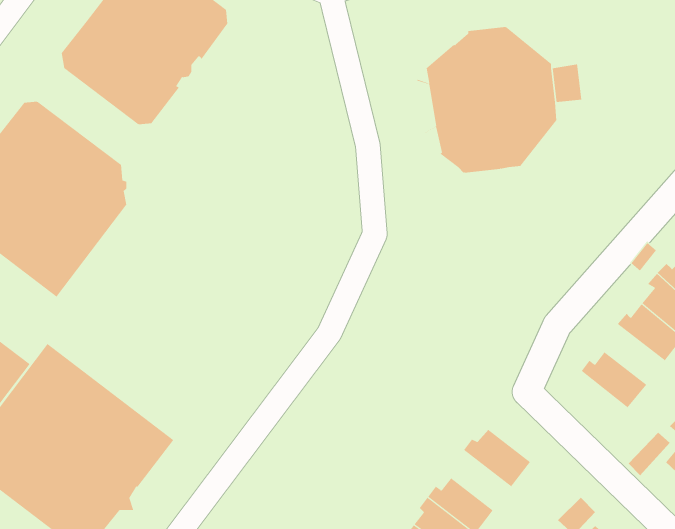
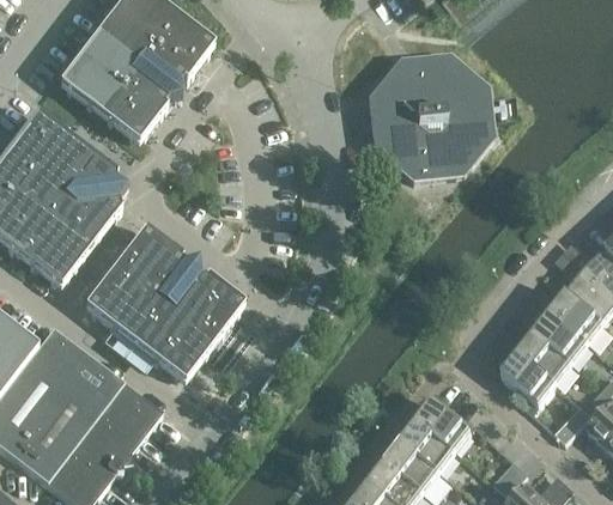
building: none -> [84,226,244,381]
building: none -> [534,309,587,361]
building: none -> [500,349,554,403]
building: none -> [401,418,454,470]

